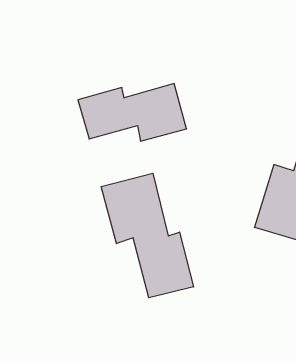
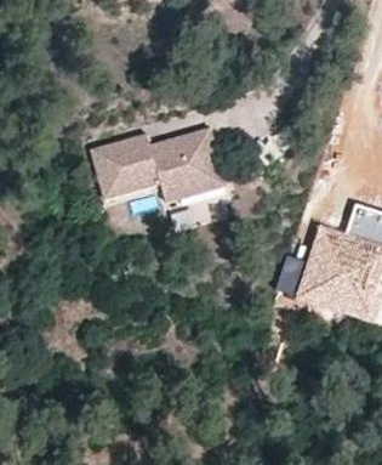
building: [101,173,194,298] -> none

